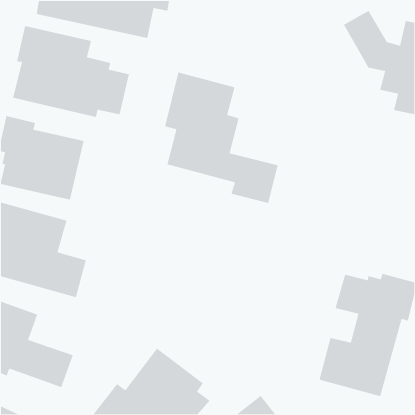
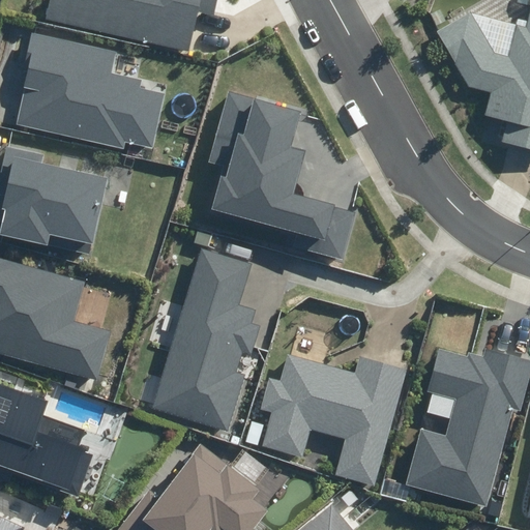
building: none -> [152,248,260,431]
building: none -> [261,354,407,487]

